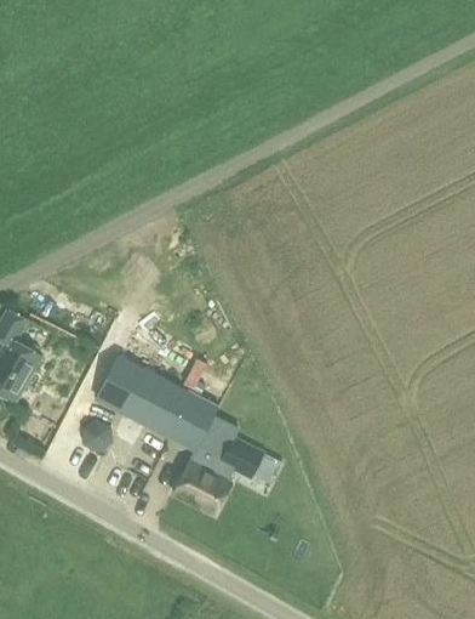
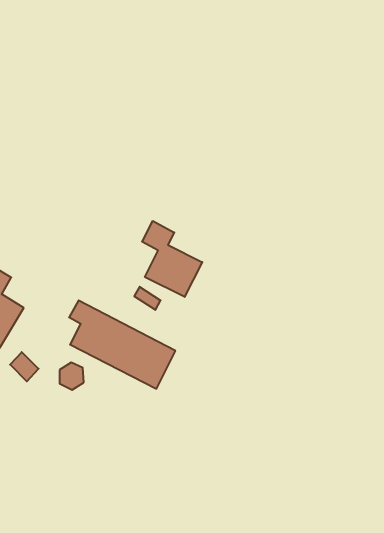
building: none -> [142,221,202,297]
building: [174,436,264,513] -> none

